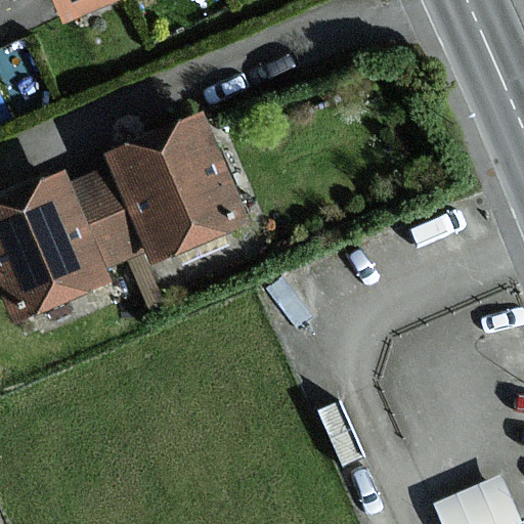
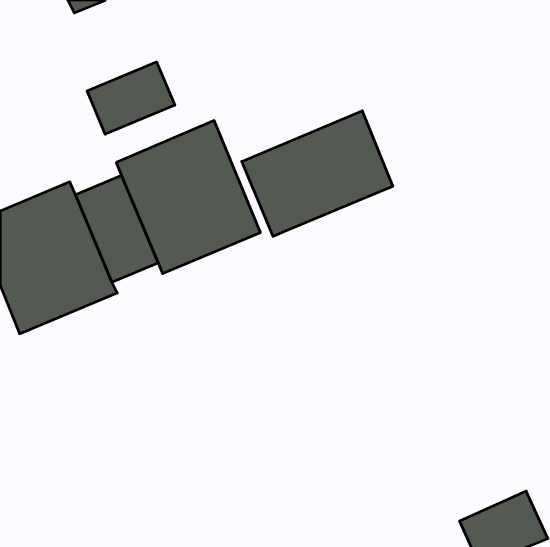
building: none -> [87,62,175,134]
building: none -> [242,111,393,236]

